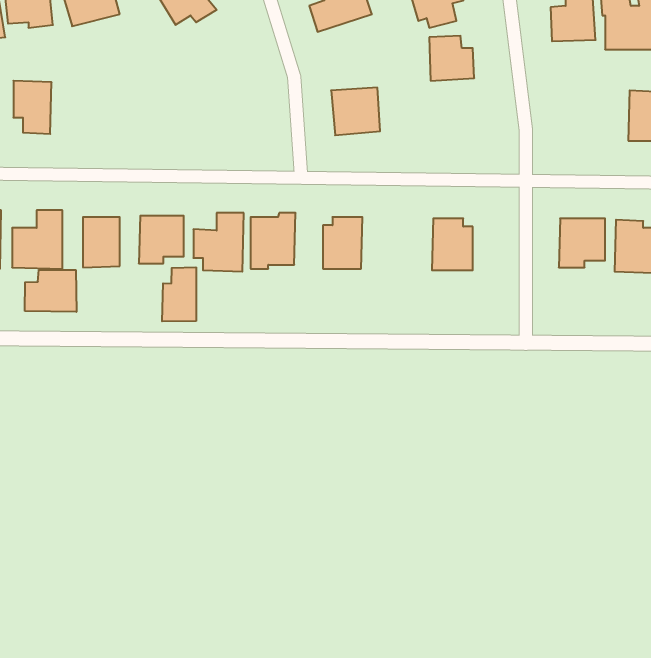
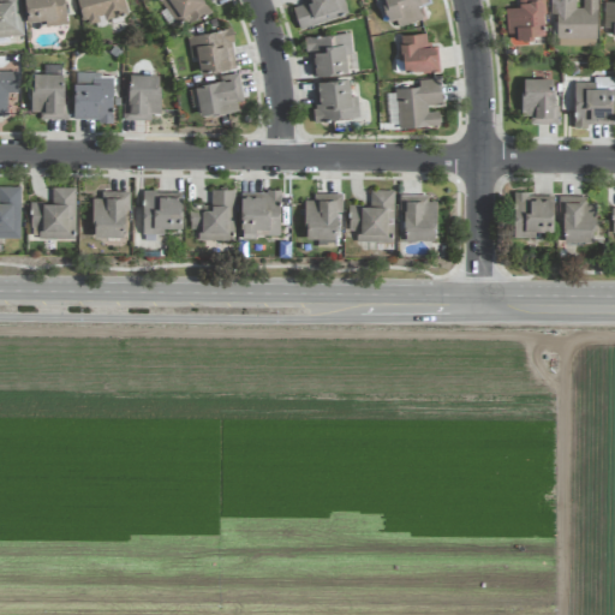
building: none -> [187,29,238,73]
building: none -> [306,32,358,77]
building: none -> [74,73,114,121]
building: none -> [123,74,161,120]
building: none -> [196,78,243,117]
building: none -> [523,78,560,124]
building: none -> [396,79,442,129]
building: none -> [348,190,394,243]
building: [162,267,196,321] -> none
building: [25,270,76,312] -> none

